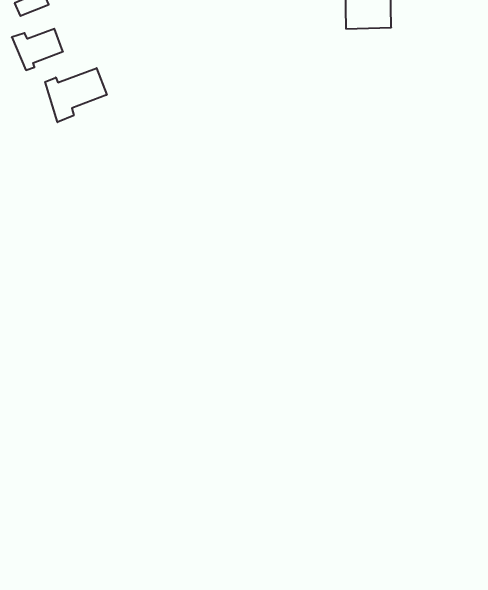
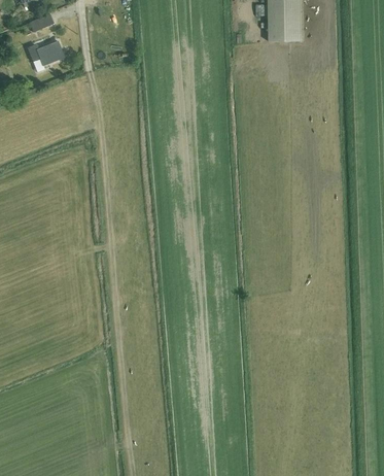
building: [45,68,107,122] -> none

